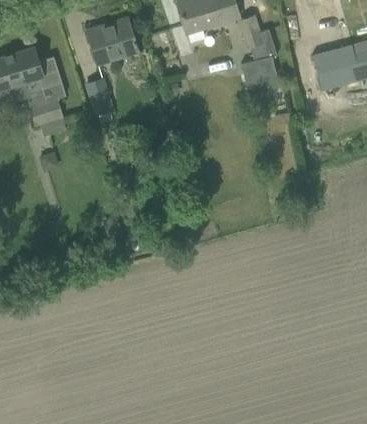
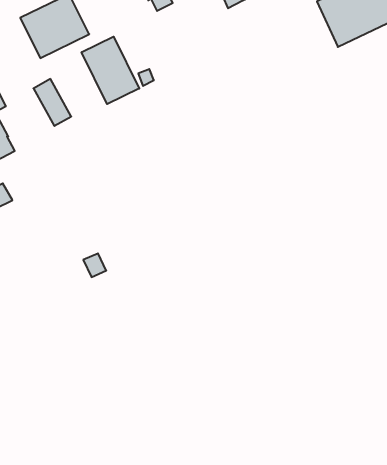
building: none -> [82,37,139,104]
building: [241,57,280,96] -> none

